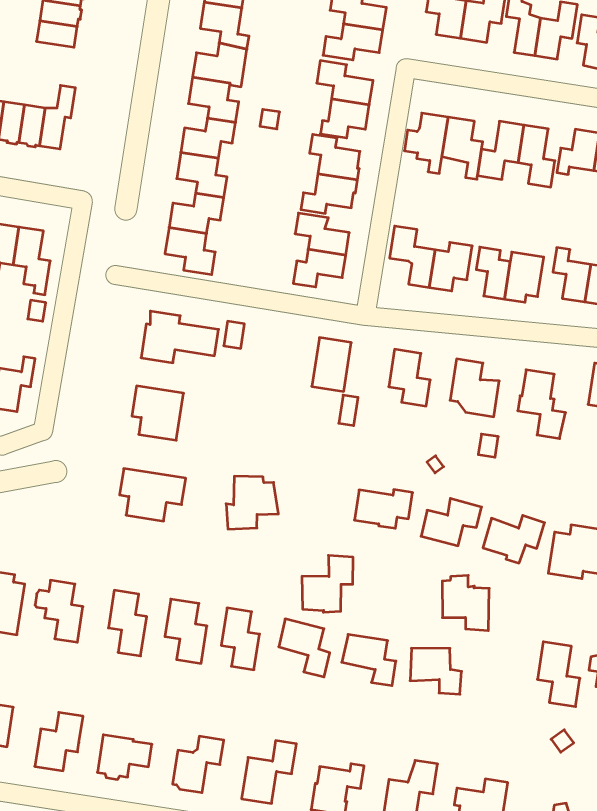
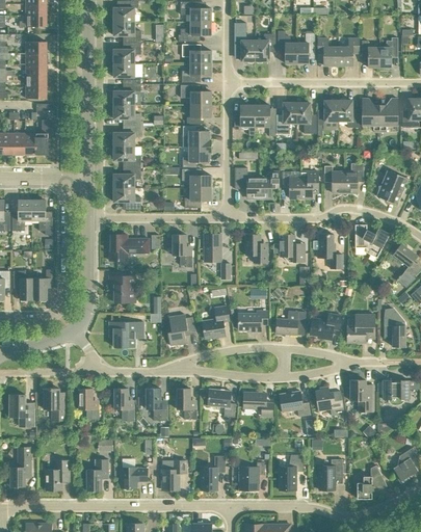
building: none -> [172,234,191,267]
building: [302,555,353,612] -> [201,305,229,338]
building: [442,575,489,631] -> [314,385,343,415]

